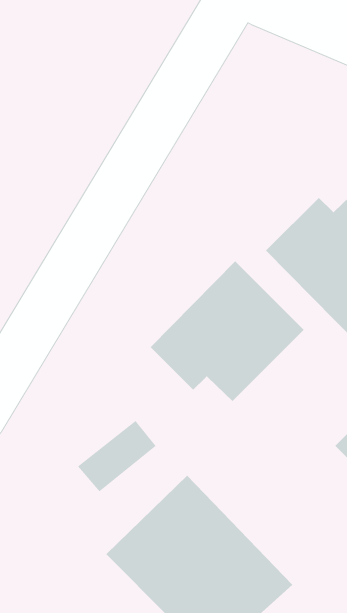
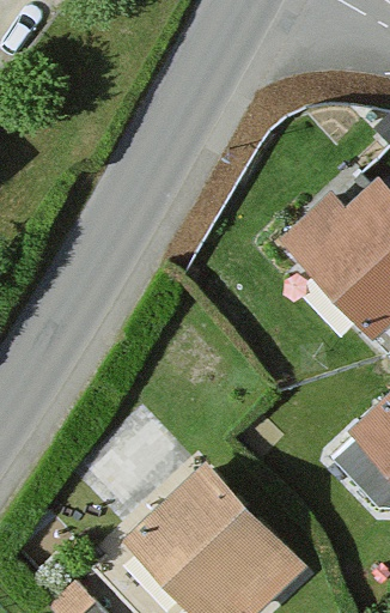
building: [150,261,305,402] -> none

